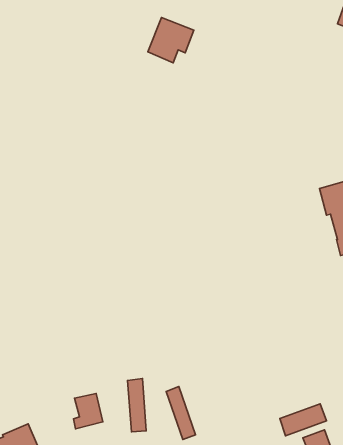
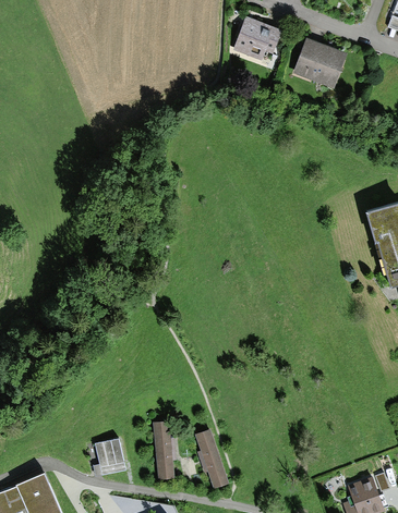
building: [148,17,194,63] -> [231,15,282,65]
building: none -> [293,38,347,88]
building: [280,404,326,436] -> none

